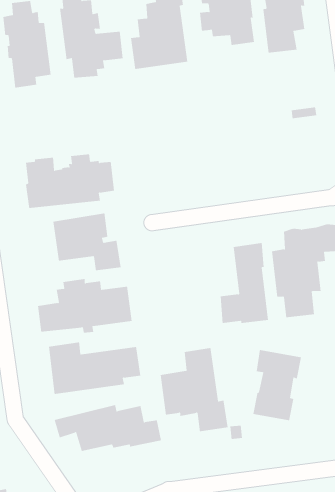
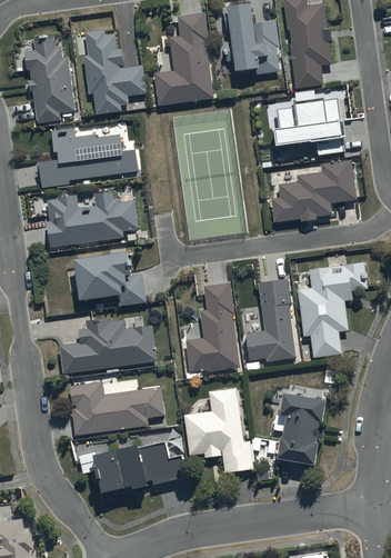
building: none -> [272,102,344,149]
building: none -> [39,127,139,187]
building: none -> [271,160,357,220]
building: none -> [186,282,240,371]

